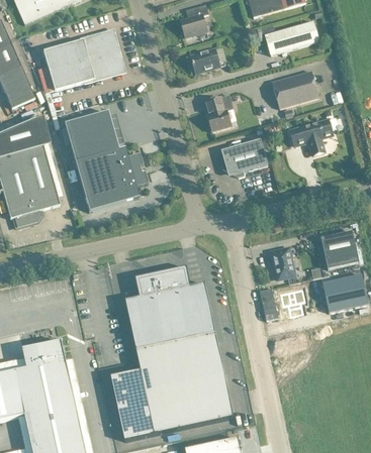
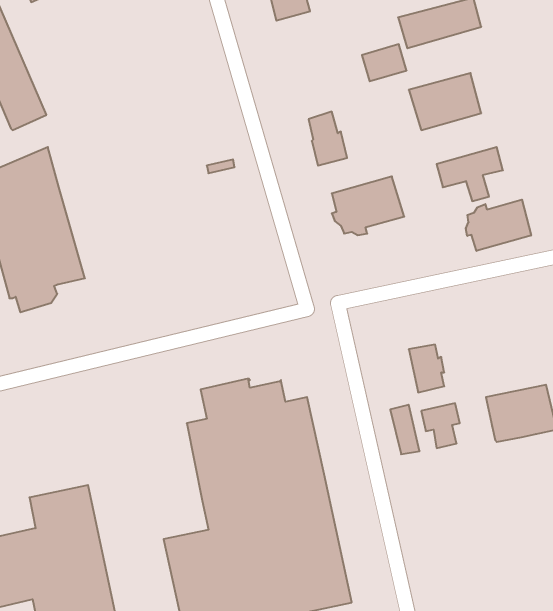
building: [42,31,123,90] -> none
building: [191,48,220,73] -> [362,44,407,81]
building: [64,111,148,211] -> none
building: none -> [466,200,531,251]
building: [321,231,360,269] -> none

